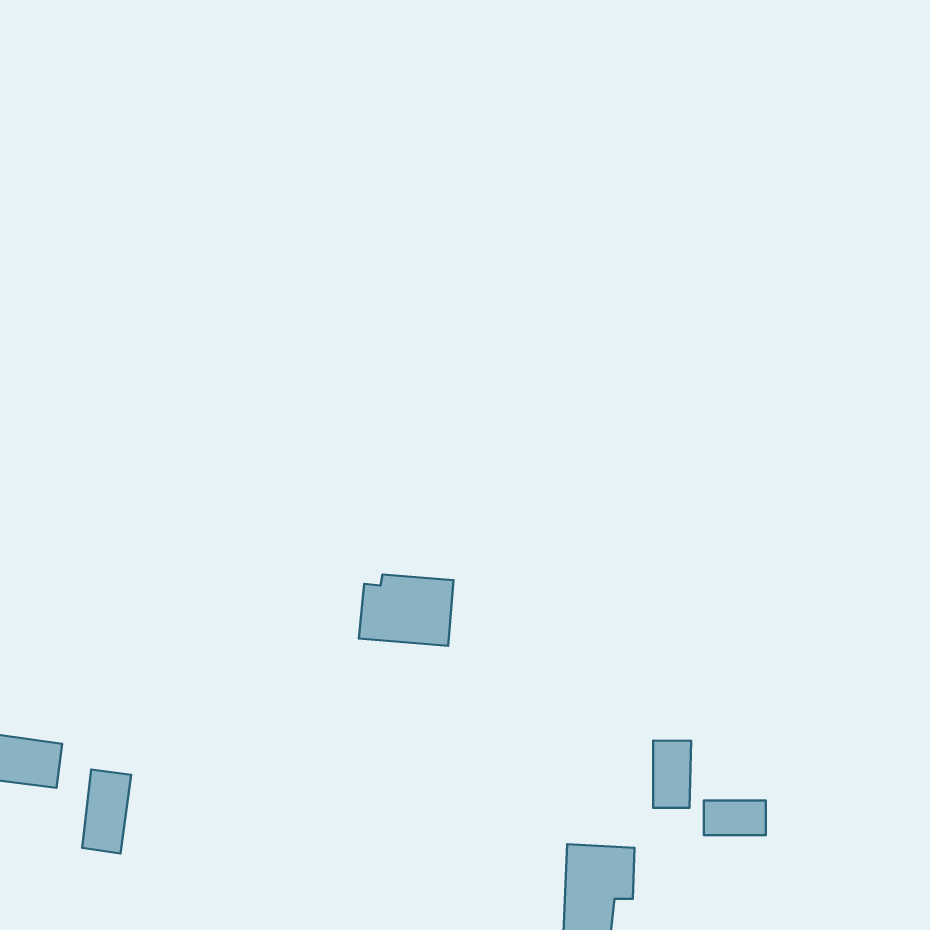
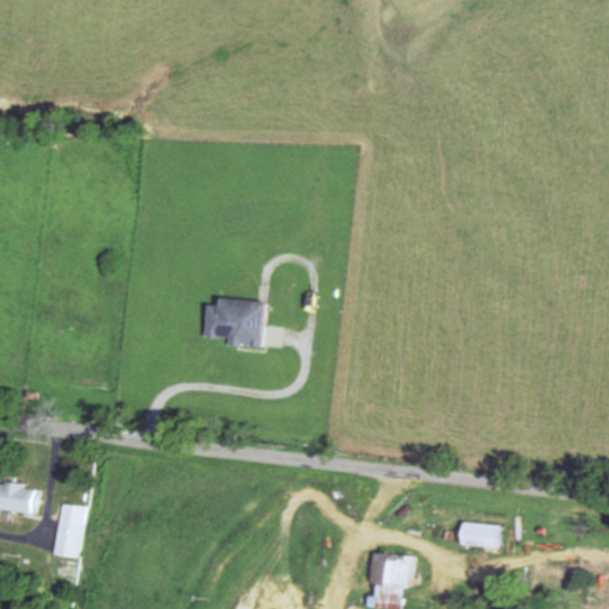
building: [359,575,454,646] -> [202,297,264,344]
building: [653,741,691,808] -> none

